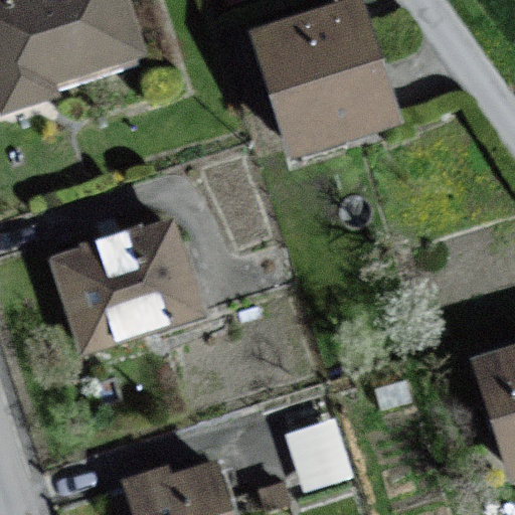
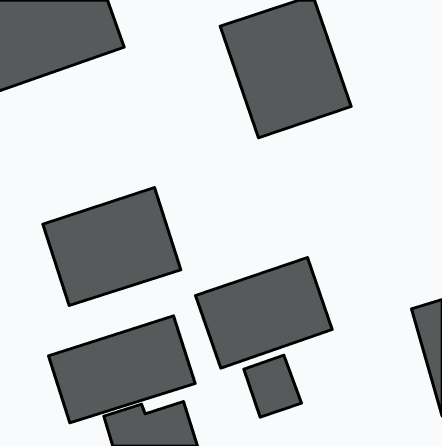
building: none -> [196,258,332,368]
building: none -> [49,316,195,423]

